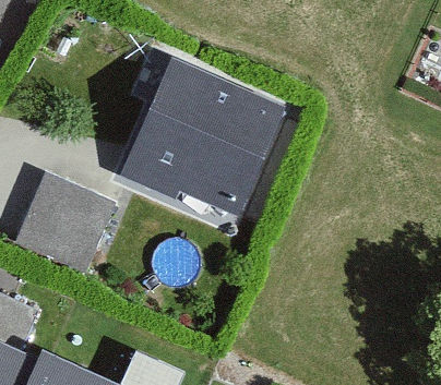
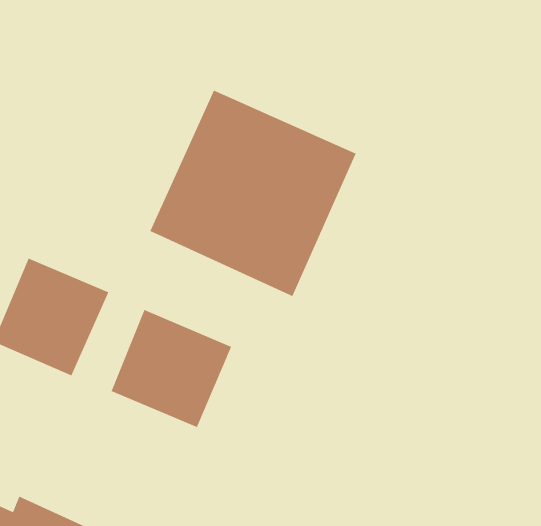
building: none -> [111,309,232,428]

